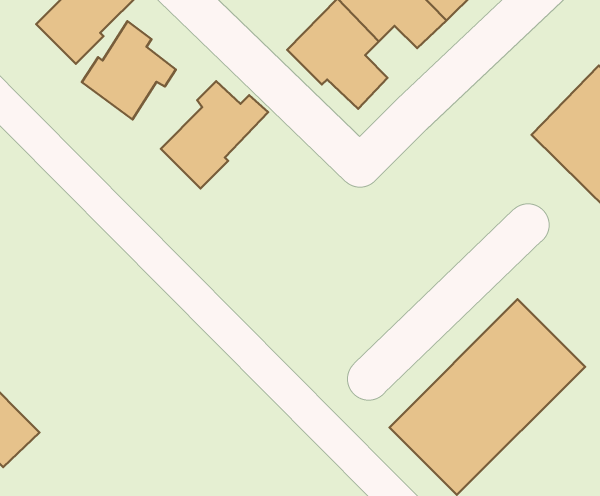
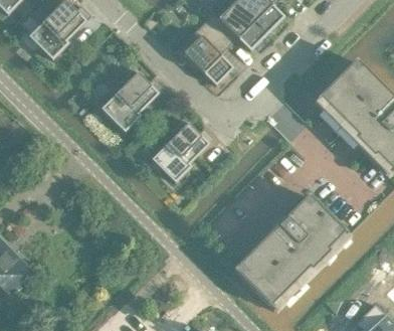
building: [82,21,176,119] -> none
building: none -> [152,119,214,182]

